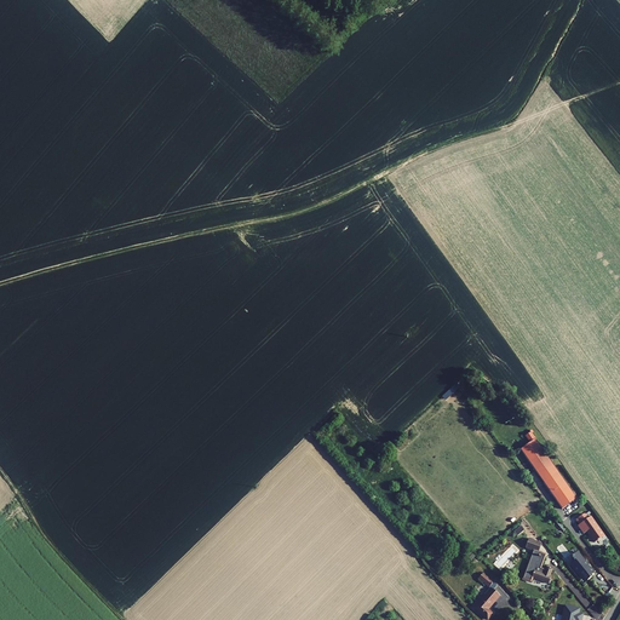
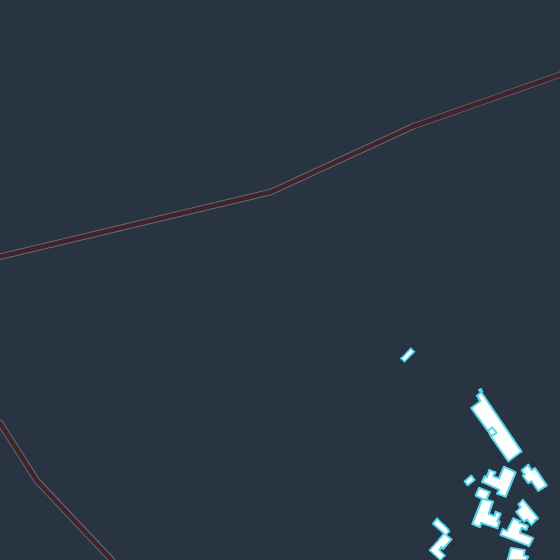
building: none -> [482,467,515,497]
building: none -> [501,518,533,546]

